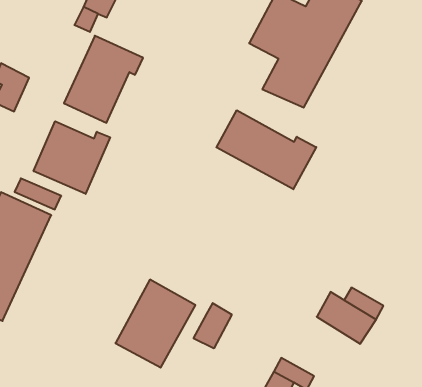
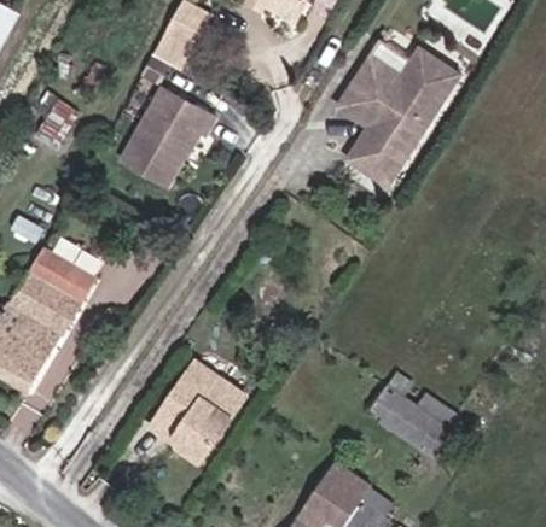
building: [216,110,316,189] -> none
building: [34,121,110,194] -> none
building: [194,303,232,348] -> none

